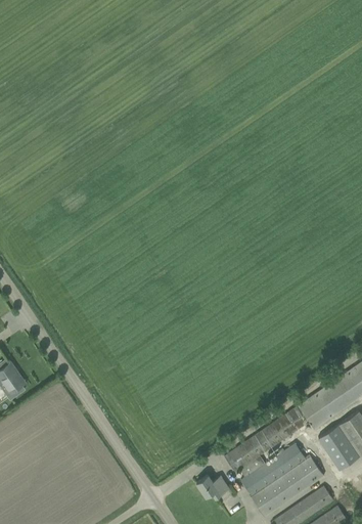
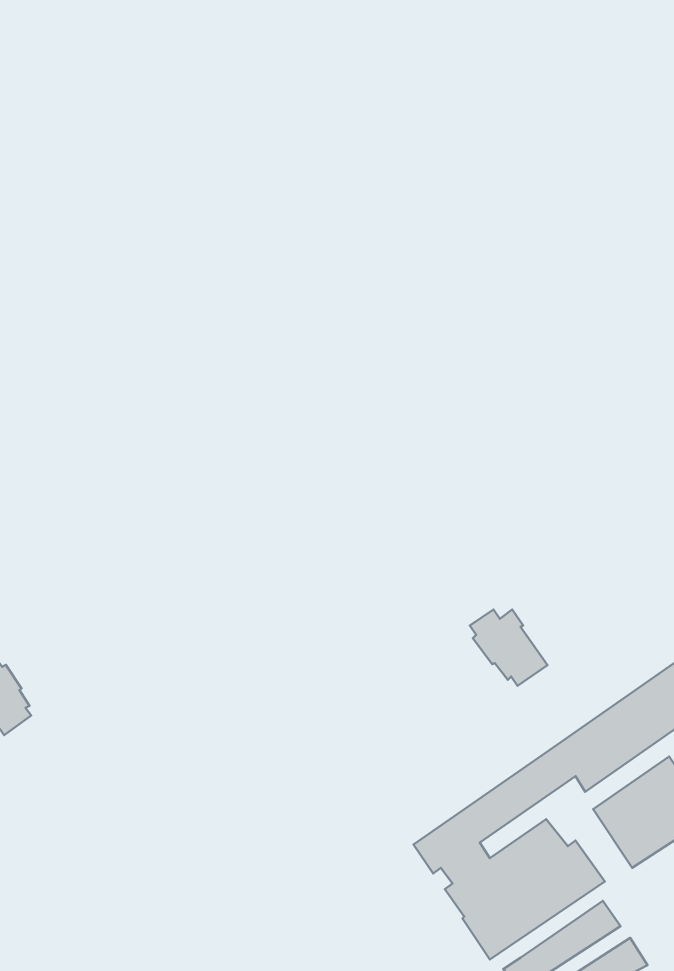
building: none -> [470,609,547,686]
building: [196,475,229,497] -> none

